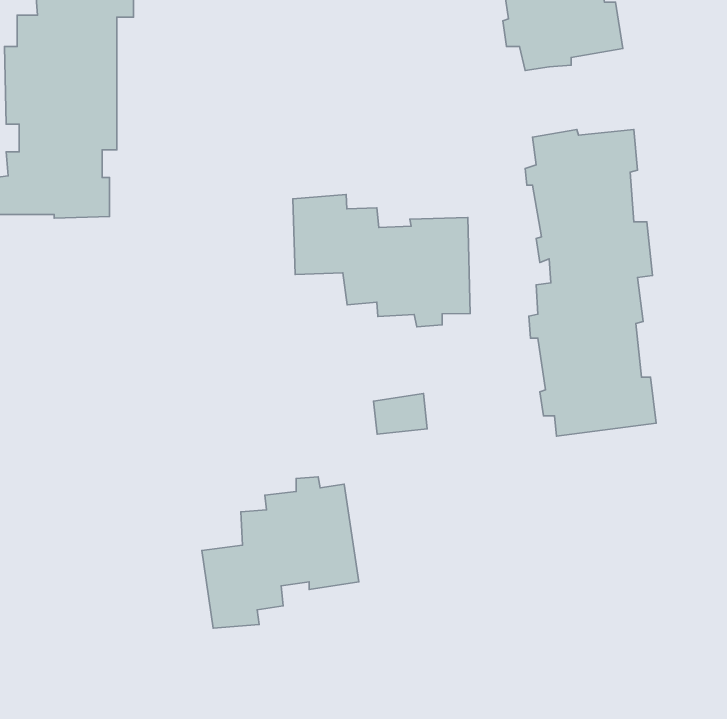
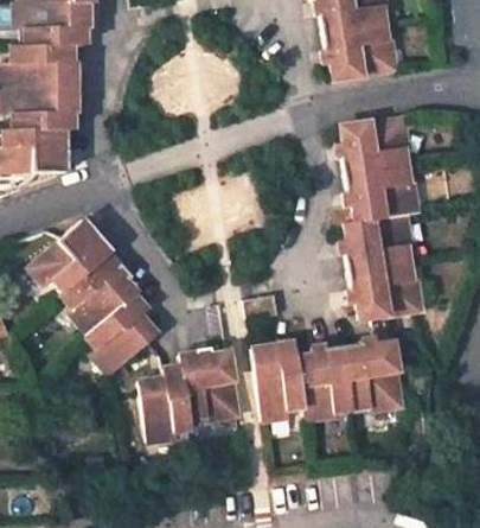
building: [293,194,470,327] -> none
building: none -> [32,218,148,378]
building: none -> [248,338,401,419]

